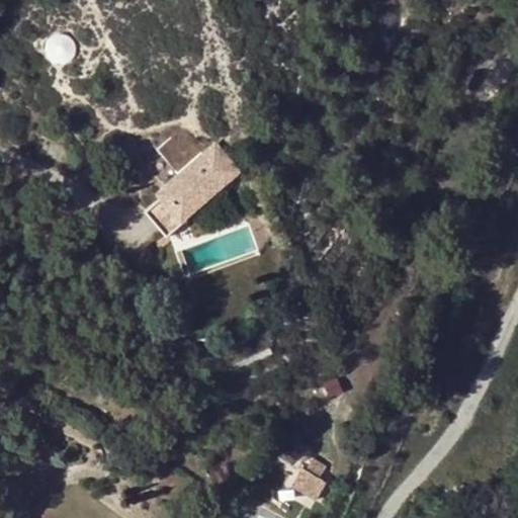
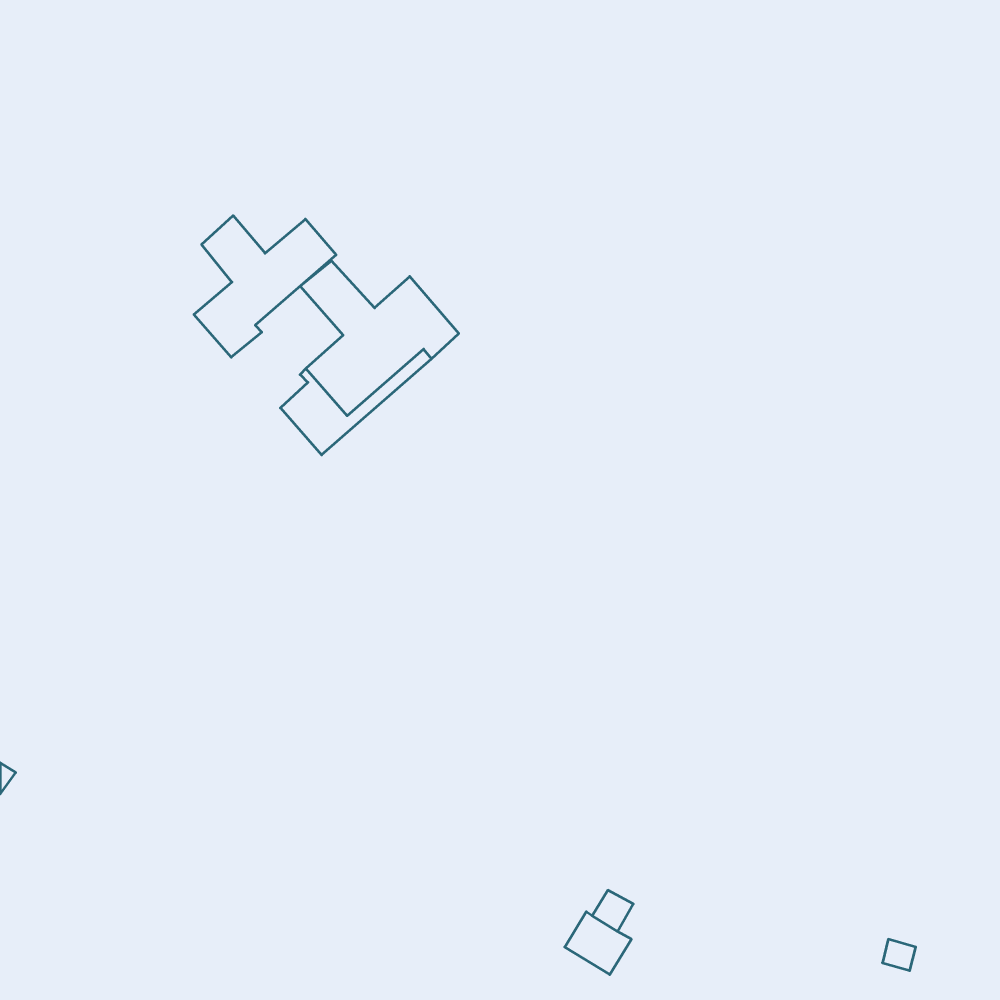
building: none -> [194,216,336,357]

